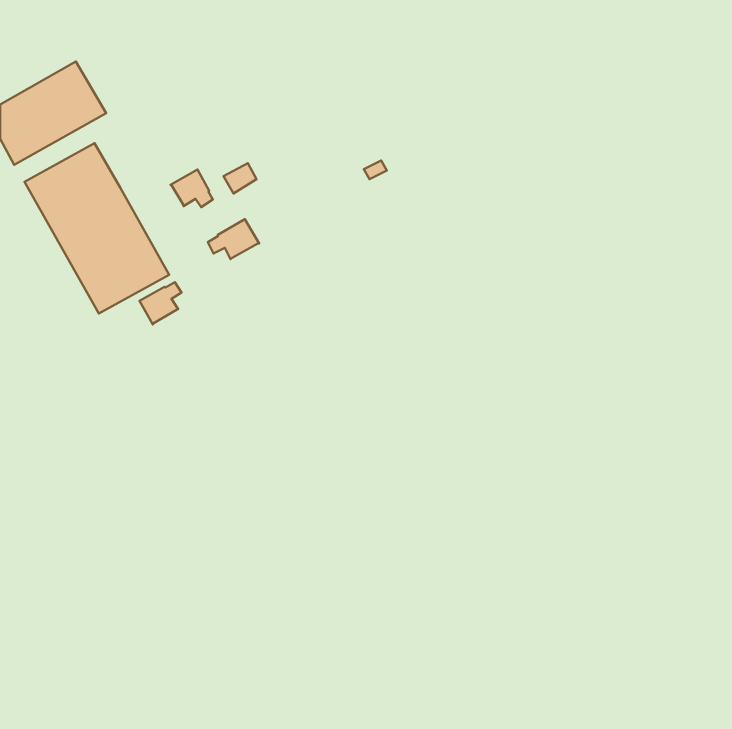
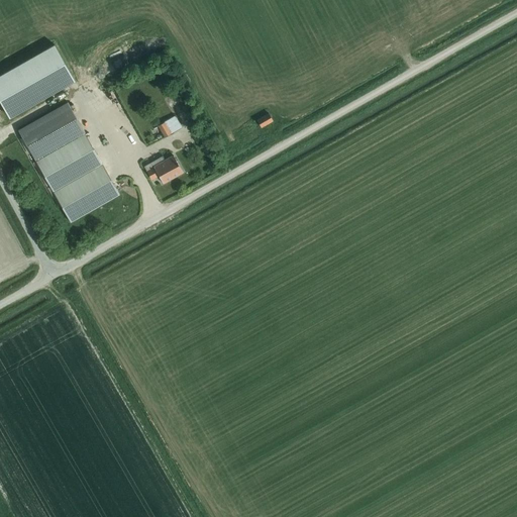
building: [170,170,213,207] -> none
building: [139,282,181,325] -> none

